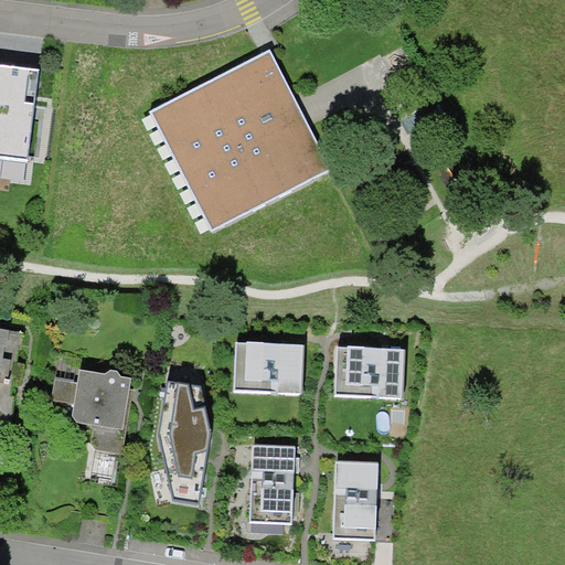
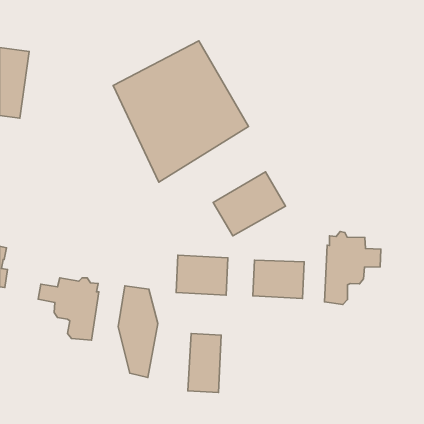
building: none -> [213,172,286,236]
building: none -> [325,231,381,304]
building: [332,459,376,537] -> none

